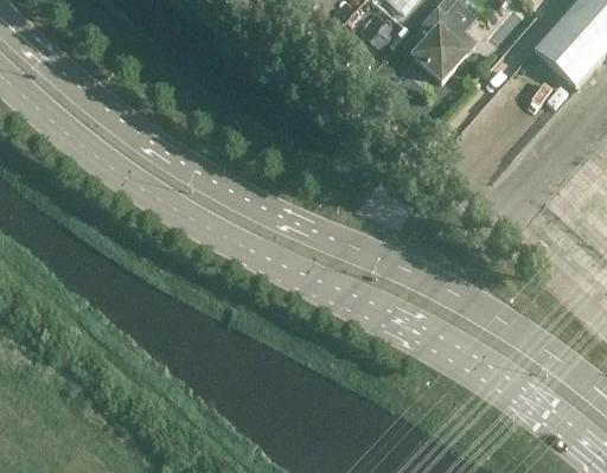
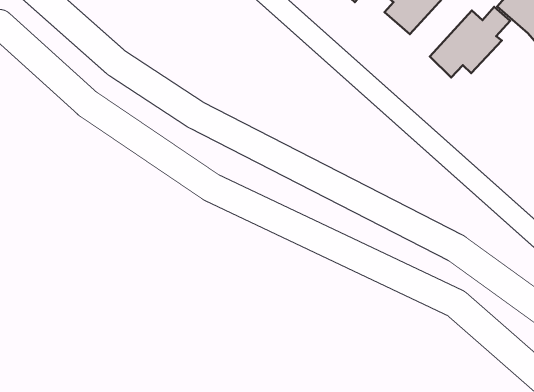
building: none -> [430,7,510,77]

